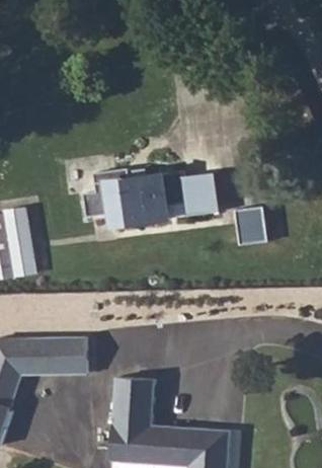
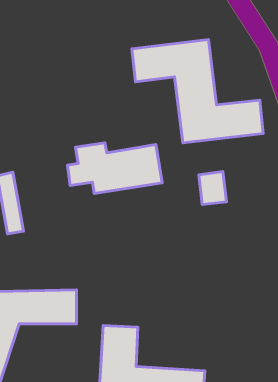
building: none -> [132,40,263,143]
building: [178,173,215,216] -> none

